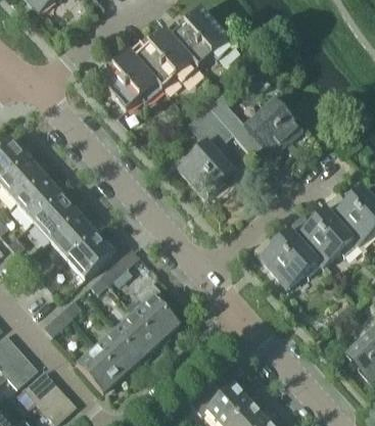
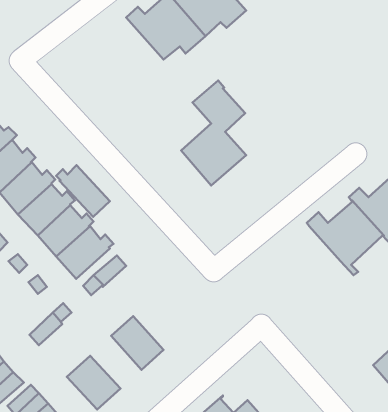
building: [92,49,160,107] -> none
building: [213,97,300,155] -> none
building: none -> [56,165,110,217]
building: [251,232,316,289] -> none
building: [134,282,179,340] -> none
building: [96,328,141,374] -> none

